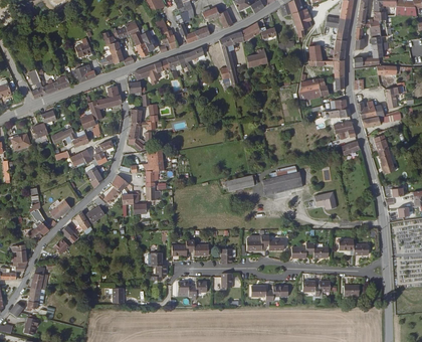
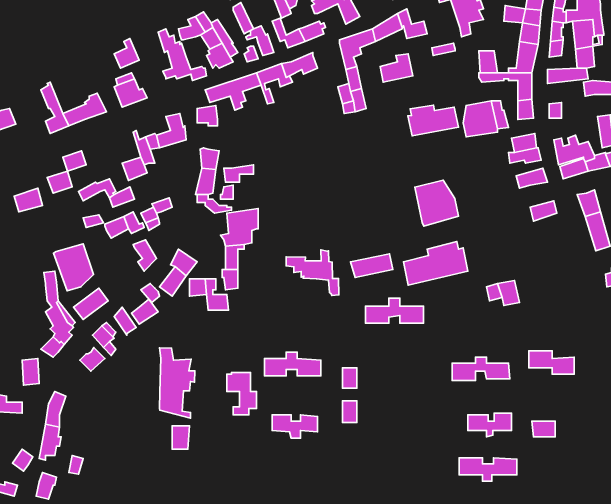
building: none -> [408,105,458,136]
building: none -> [415,180,458,226]
building: none -> [53,244,93,291]
building: none -> [286,250,339,295]
building: [247,234,284,250] -> [366,298,423,323]
building: none -> [159,348,195,418]
building: [250,284,287,299] -> [459,458,517,481]

